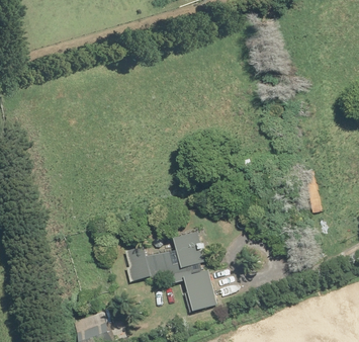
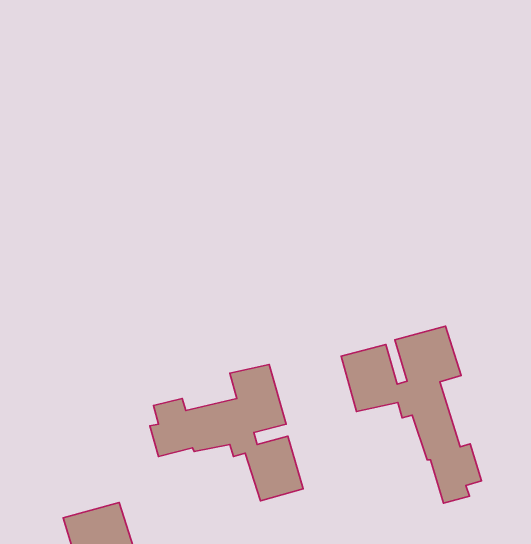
building: none -> [341,326,482,503]

